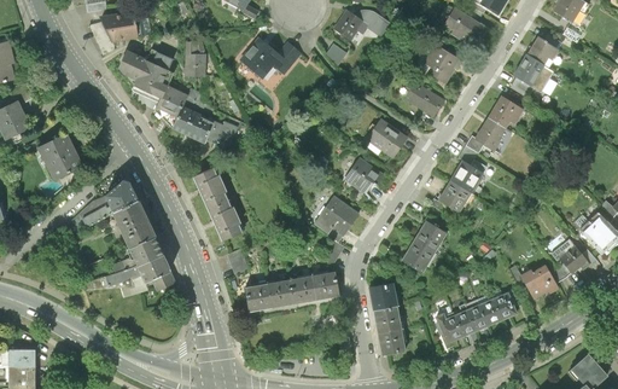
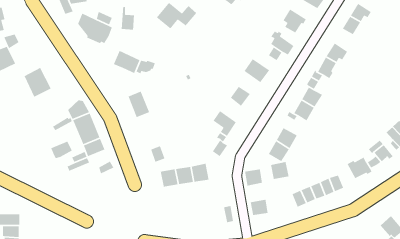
building: [154,86,187,128] -> none
building: [208,199,243,240] -> none
building: [135,255,169,283] -> [50,140,73,159]
building: [311,271,340,300] -> none
building: [372,304,401,332] -> [270,161,290,180]

